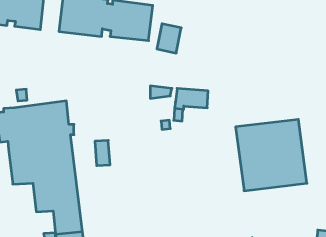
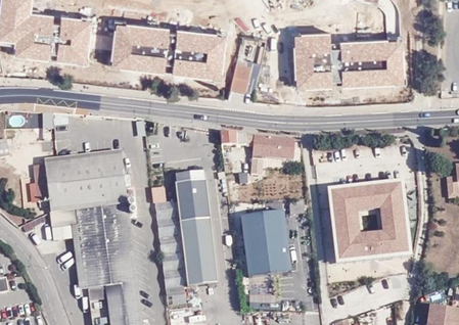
building: none -> [293,34,404,89]
building: none -> [175,175,217,283]
building: none -> [240,207,291,276]

